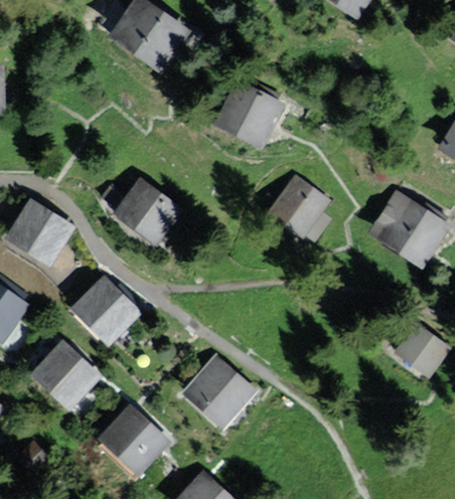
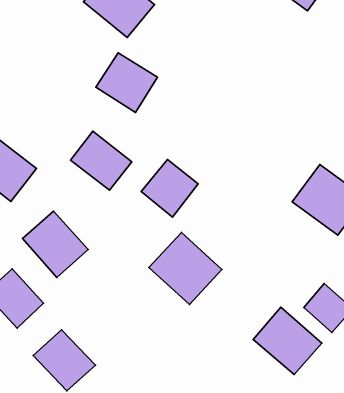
building: [218,79,287,145] -> [96,53,158,113]
building: [270,175,333,239] -> [141,159,198,217]
building: [178,355,261,436] -> [149,232,222,305]
building: none -> [253,307,322,375]

